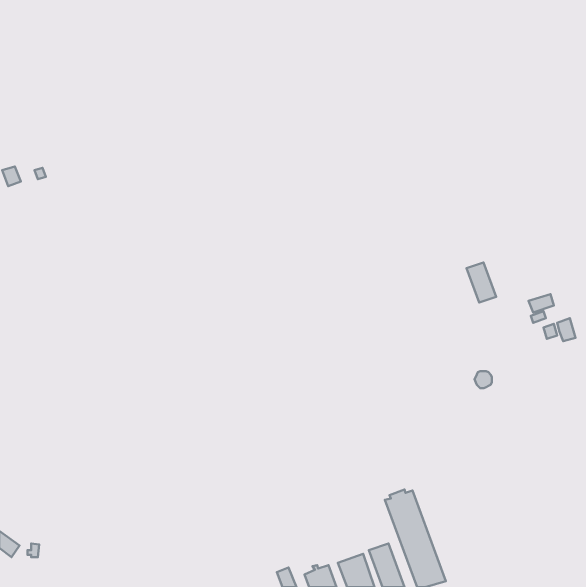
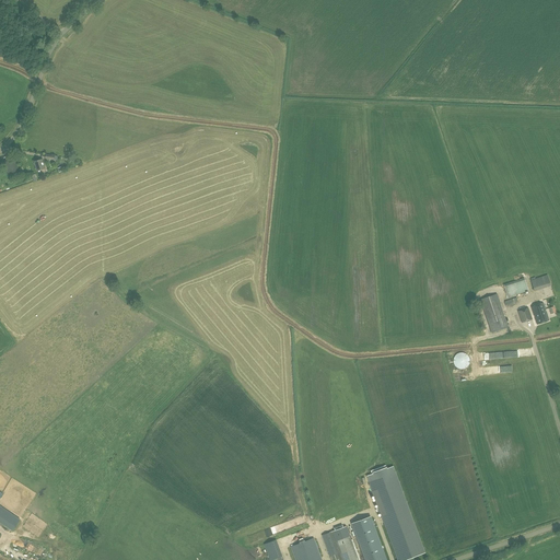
building: [466,262,496,303] -> [479,294,508,332]

